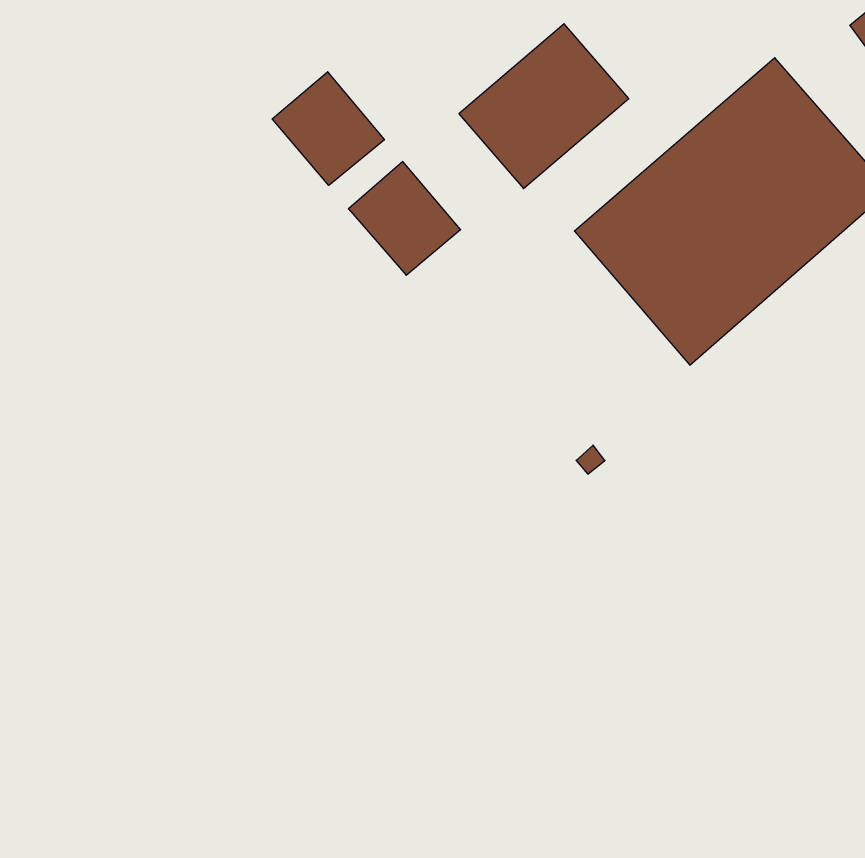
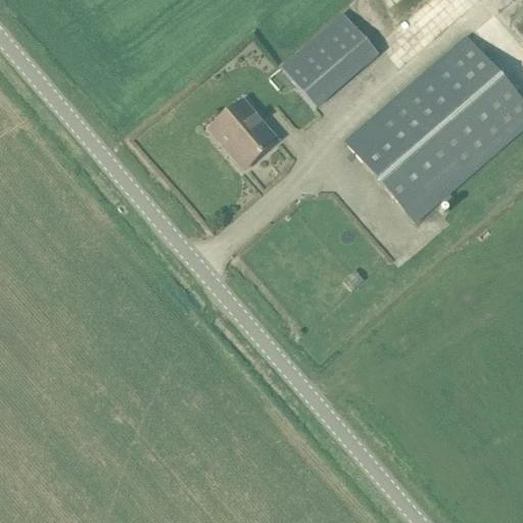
building: [272,72,384,185] -> none

